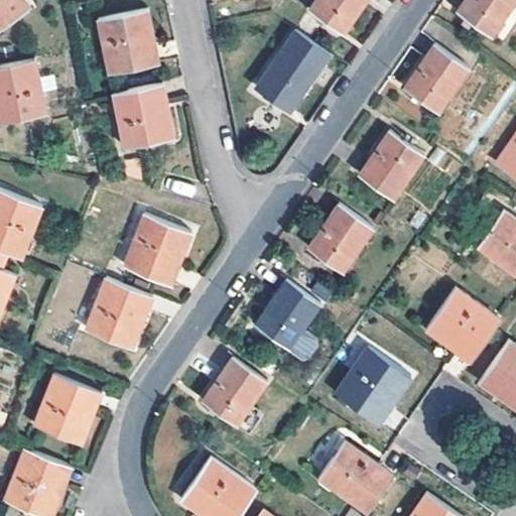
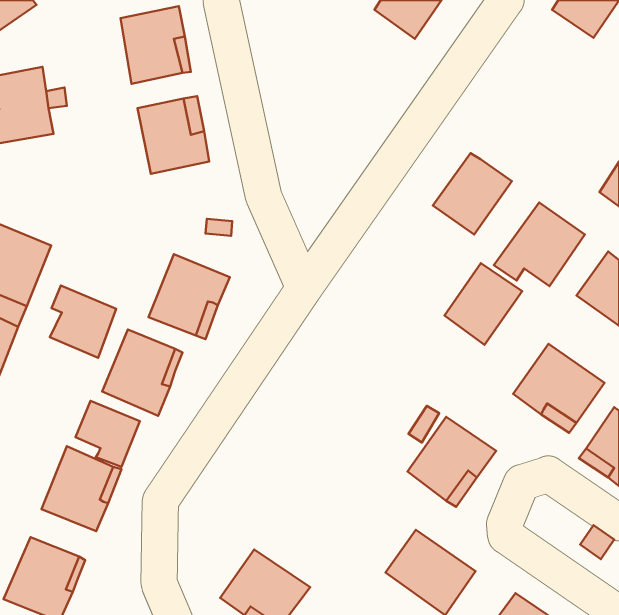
building: [258,33,331,112] -> none
building: [405,44,470,113] -> none
building: none -> [494,203,585,286]
building: [308,206,373,273] -> [444,263,522,345]
building: none -> [50,286,116,358]
building: [255,282,319,359] -> none
building: none -> [75,401,140,467]
building: [203,359,267,426] -> none

